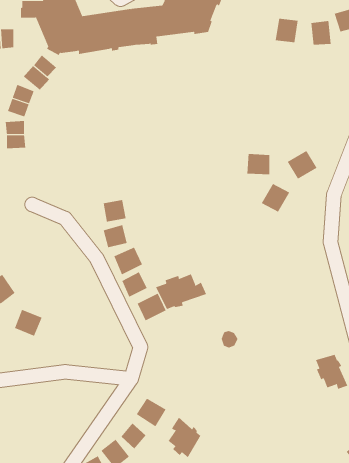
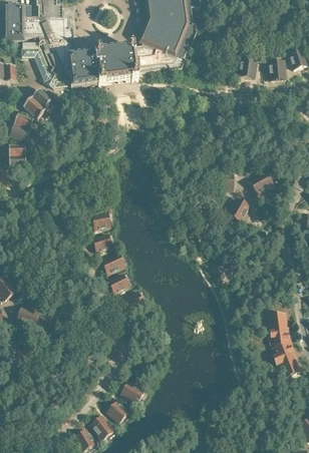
building: [155,274,207,310] -> none
building: none -> [269,314,290,347]
building: [168,417,201,458] -> none

